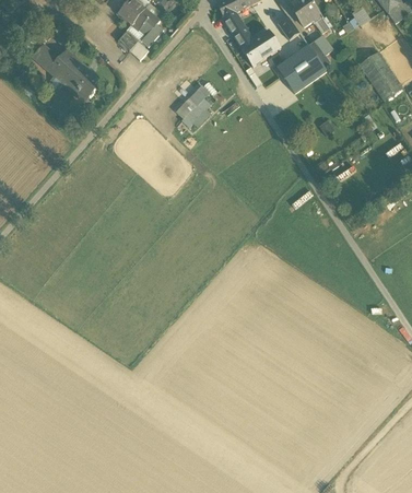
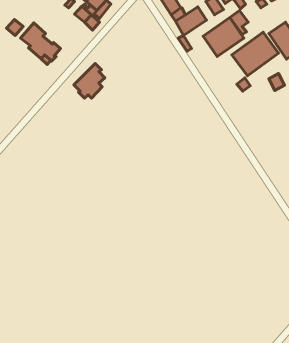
building: none -> [232,32,279,76]
building: [175,83,213,126] -> [74,64,105,98]

